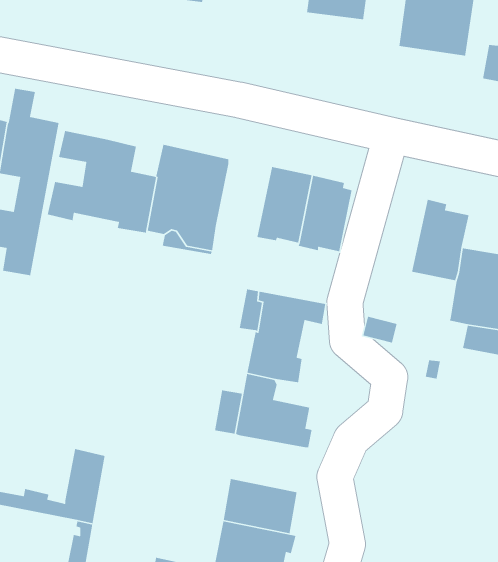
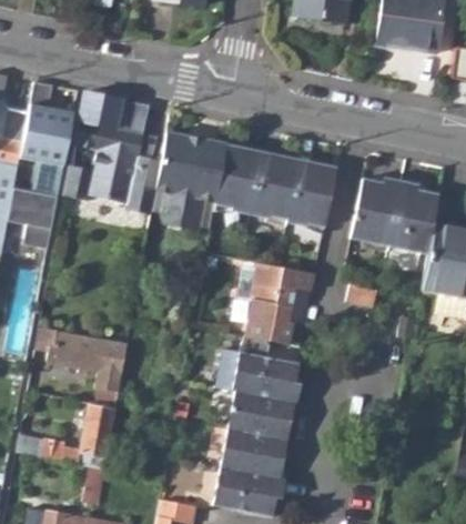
building: none -> [80,91,124,127]
building: none -> [215,145,264,214]
building: none -> [351,177,403,245]
building: none -> [37,326,129,392]
building: none -> [227,391,295,441]

